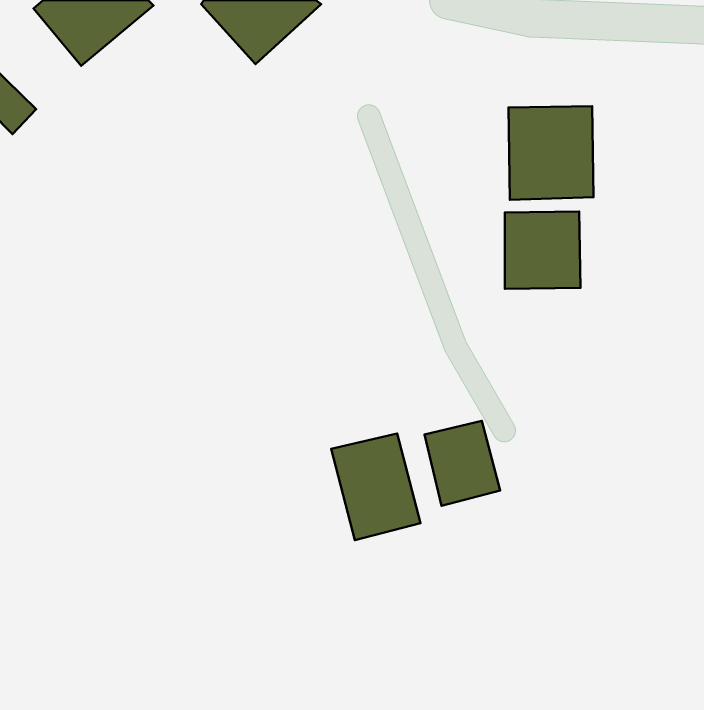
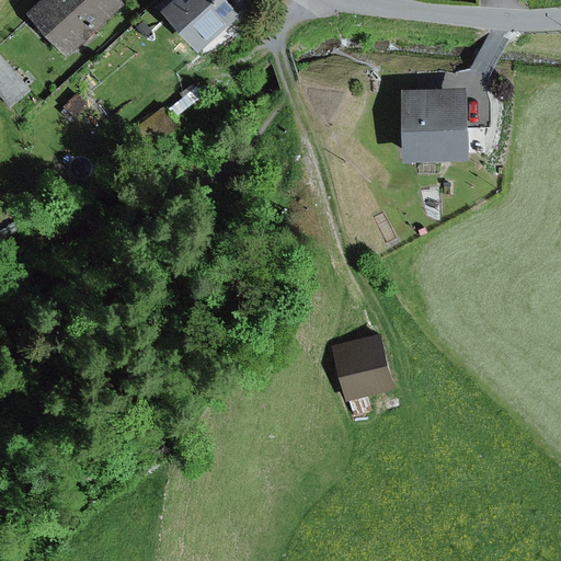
building: [505,211,580,289] -> none
building: [331,433,420,540] -> none

